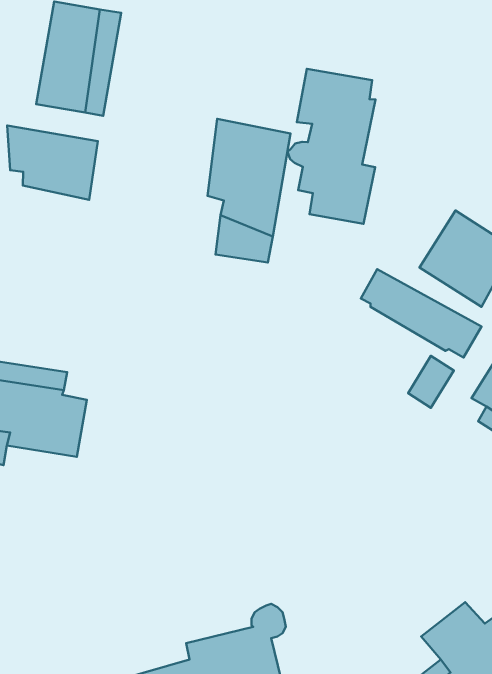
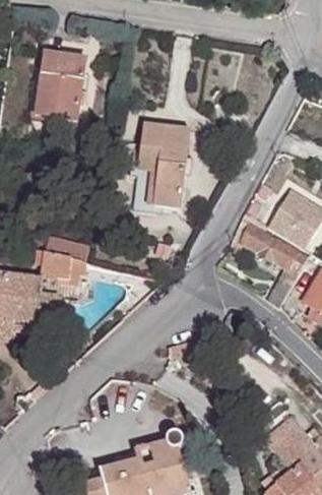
building: [287,69,375,224] -> none
building: [7,125,98,200] -> none
building: none -> [37,246,83,284]

